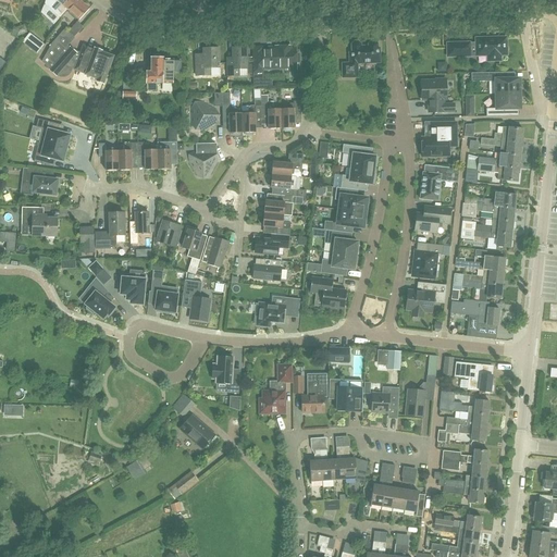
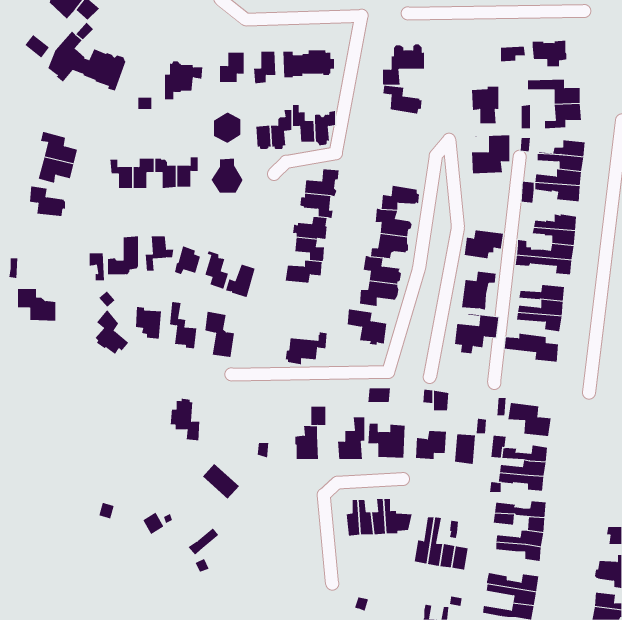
building: [342,144,377,170] -> [382,85,423,114]
building: [420,165,448,200] -> none
building: [22,206,57,235] -> [17,289,56,321]
building: [252,259,281,280] -> none
building: [212,354,239,392] -> [170,398,200,441]

